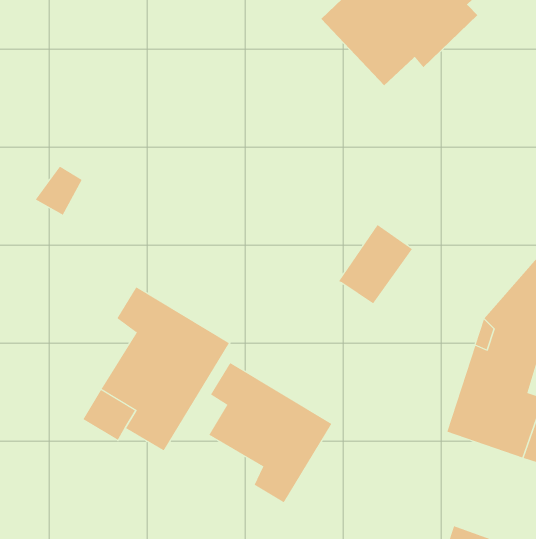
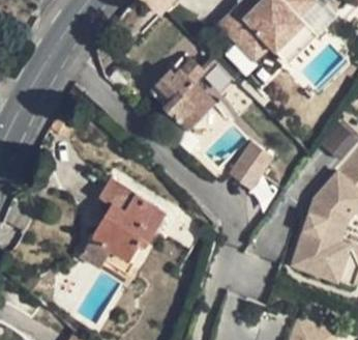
building: none -> [149,55,213,130]
building: [208,362,332,503] -> none

